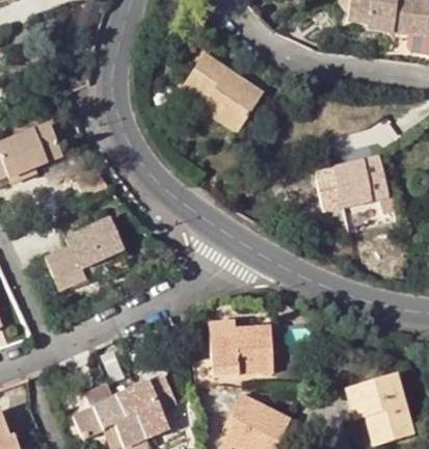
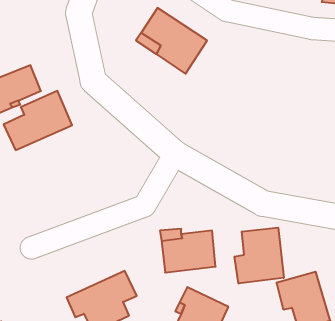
building: [316,158,388,210] -> none
building: [45,217,128,289] -> [4,91,72,150]
building: none -> [235,228,284,284]

